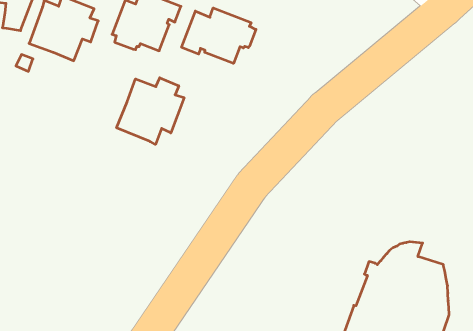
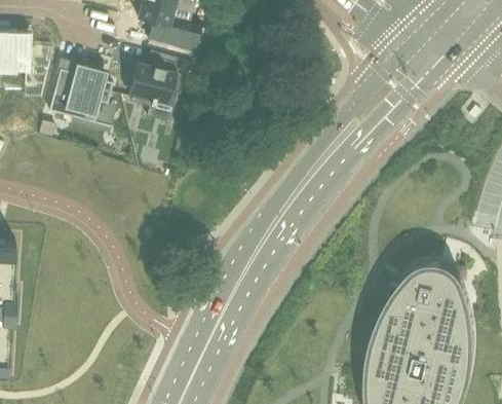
building: [182,8,256,63] -> none
building: [117,78,184,144] -> none

